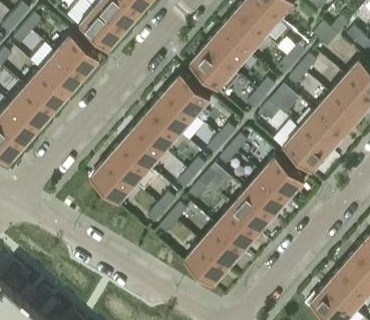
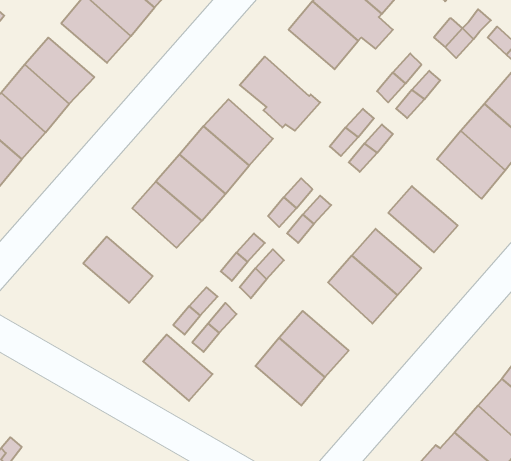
building: [206,30,250,72] -> none
building: [299,112,343,154] -> none
building: [105,143,149,187] -> none
building: [230,191,274,234] -> none
building: [184,244,229,286] -> [143,335,213,401]

